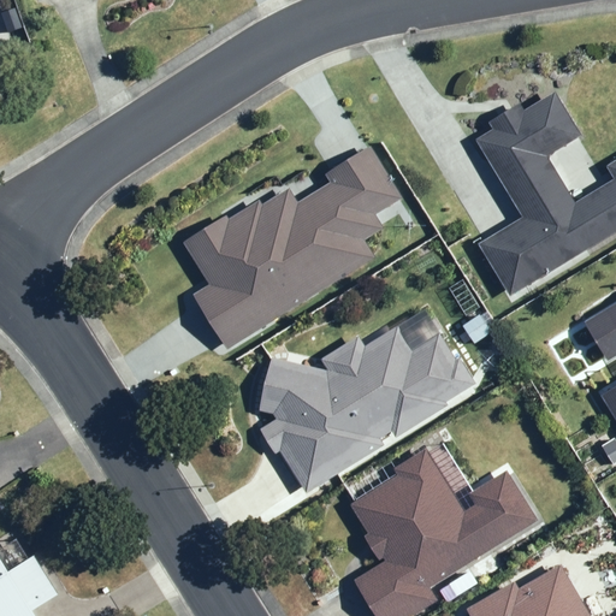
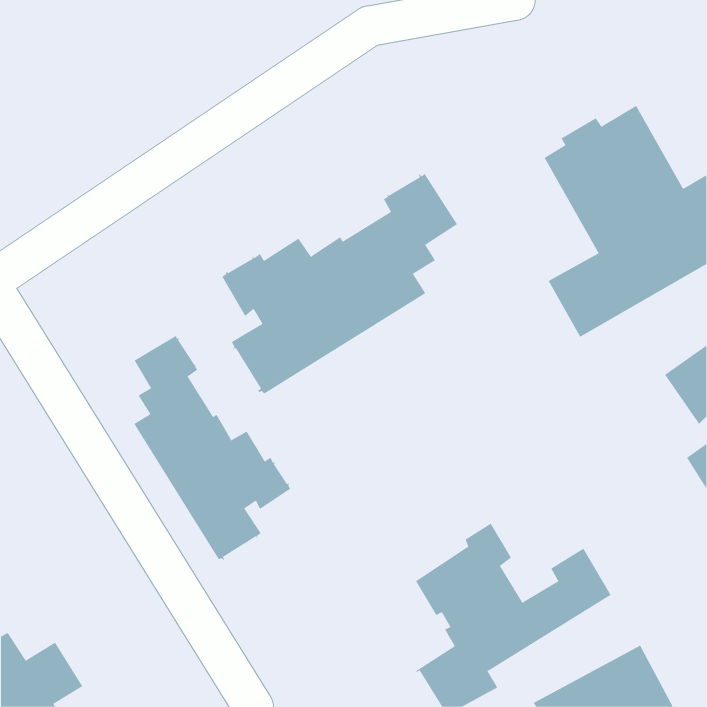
building: none -> [134,335,291,561]
building: [263,332,469,485] -> none

